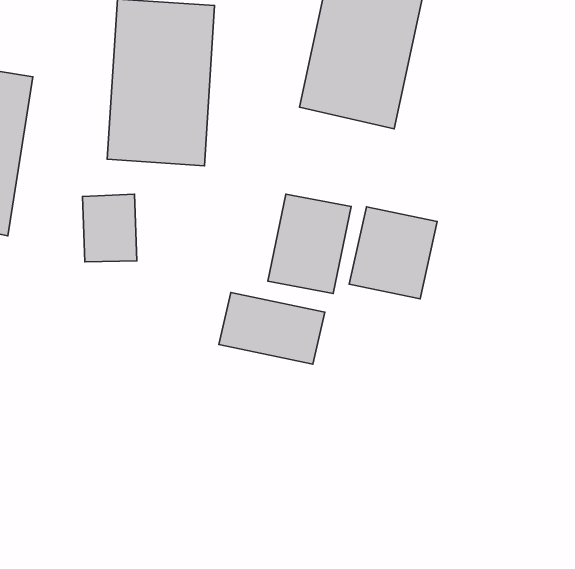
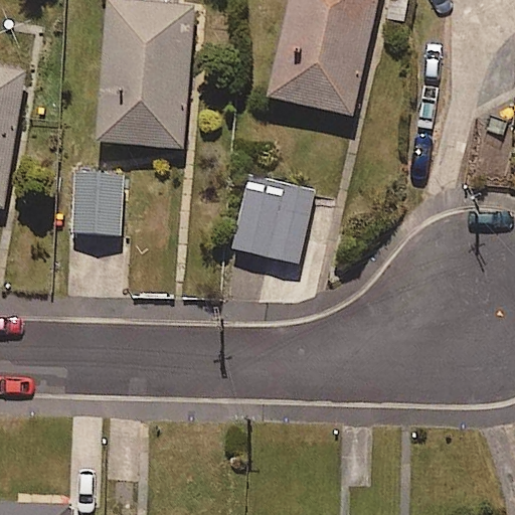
building: [349,207,437,299] -> none
building: [219,293,325,364] -> none

